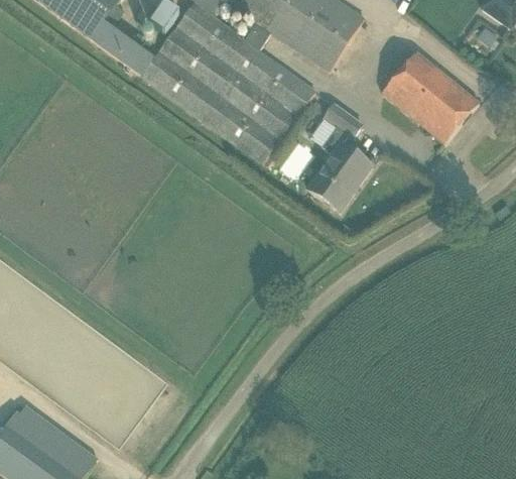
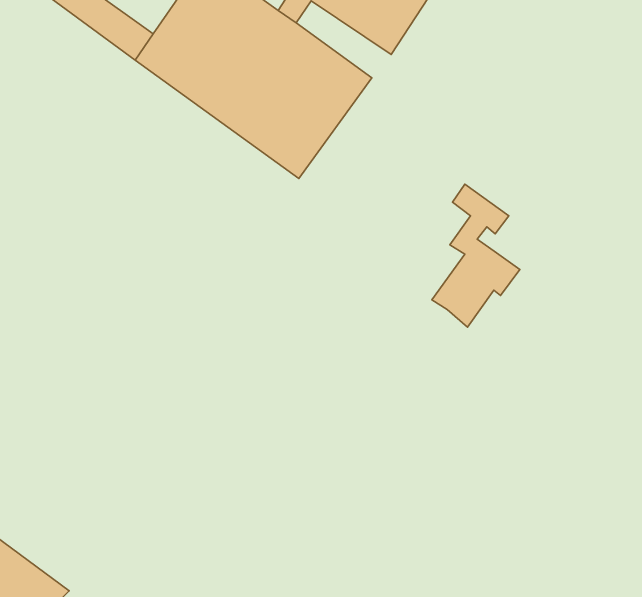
building: [383,50,480,142] -> none
building: [308,102,373,207] -> [432,184,520,327]

